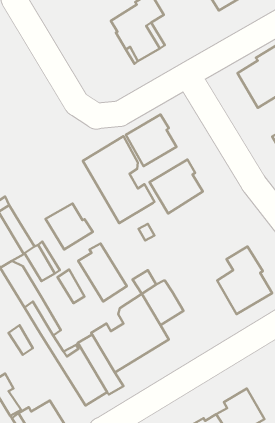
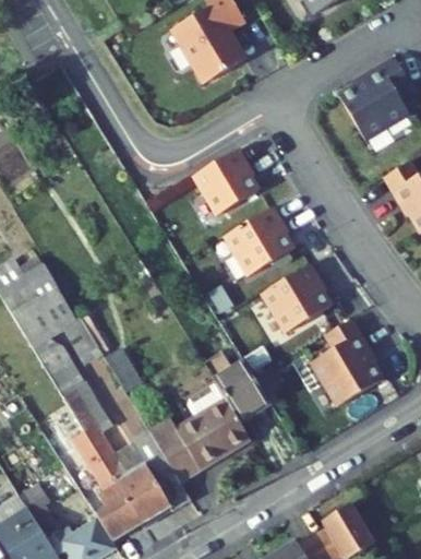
building: [83,136,155,223] -> none
building: none -> [262,263,330,332]
building: [45,204,93,250] -> none
building: [78,244,127,301] -> none
building: none -> [72,431,142,540]

